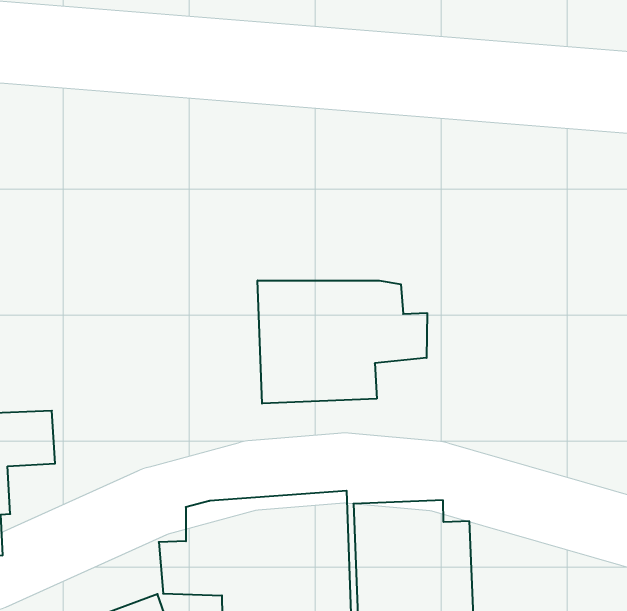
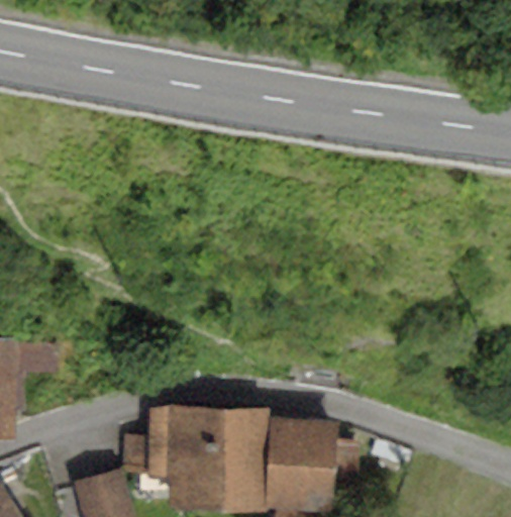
building: [258,280,427,404] -> none

